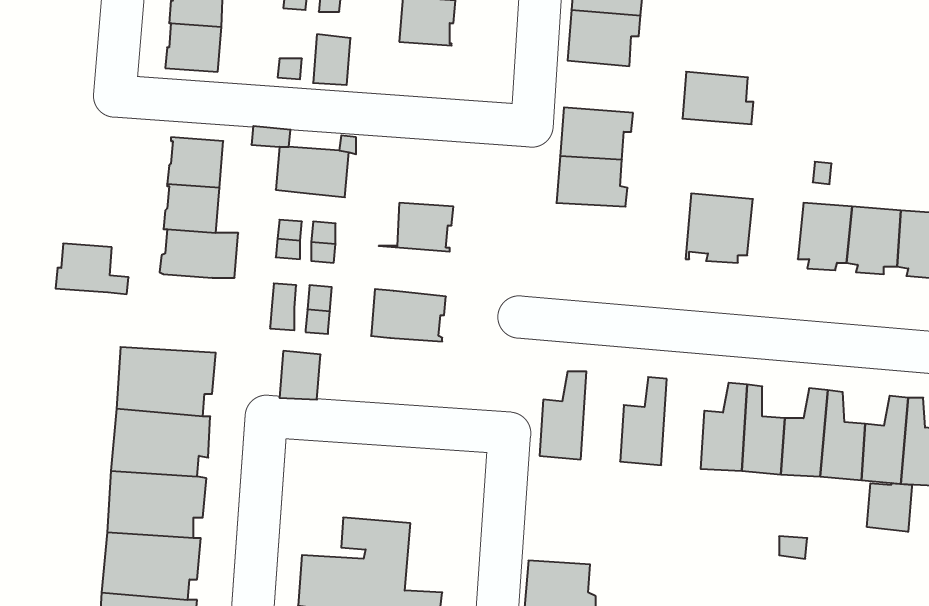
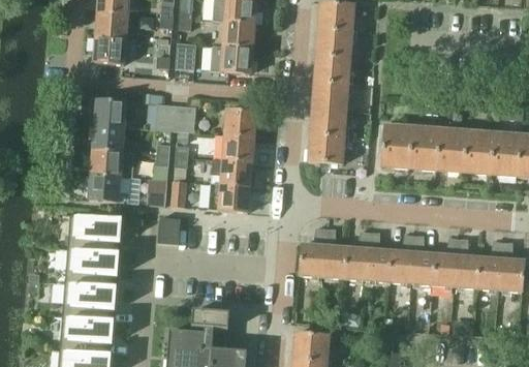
building: none -> [212,45,252,72]
building: [682,72,753,124] -> [314,56,353,85]
building: none -> [223,109,255,136]
building: none -> [415,132,446,170]
building: none -> [308,134,348,162]
building: [56,244,129,294] -> [89,174,129,202]
building: none -> [211,158,251,186]
building: none -> [323,227,347,277]
building: none -> [368,232,392,281]
building: [867,483,912,532] -> none

